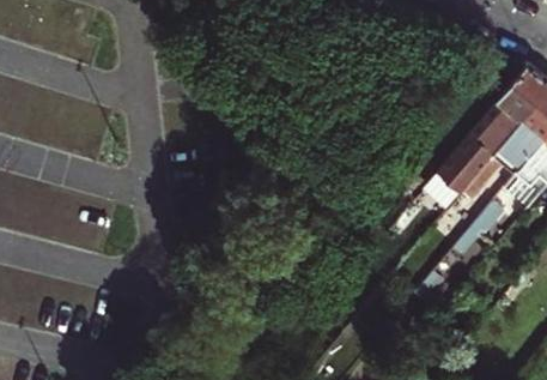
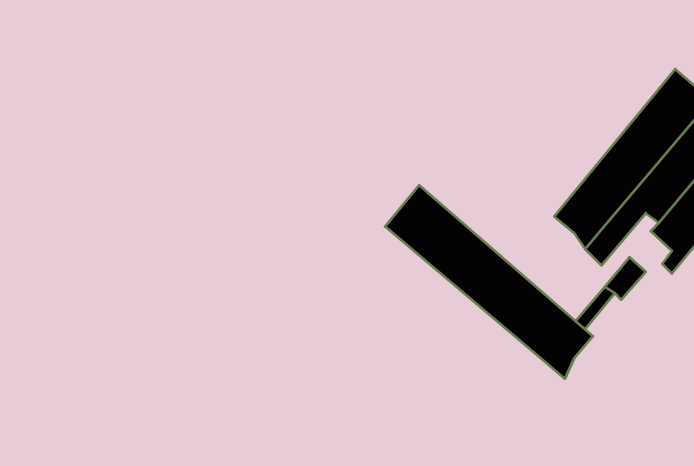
building: none -> [385,185,593,379]

